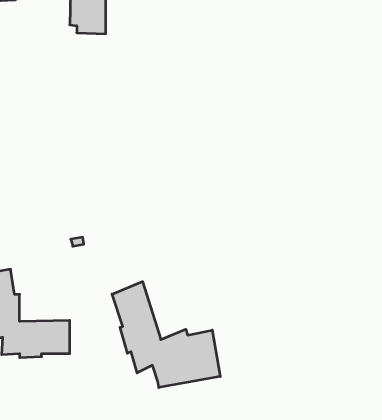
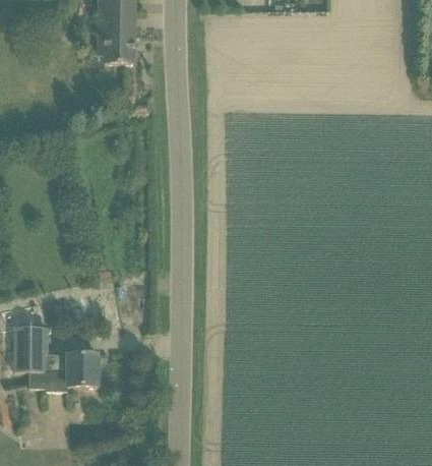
building: [112,282,220,388] -> none

